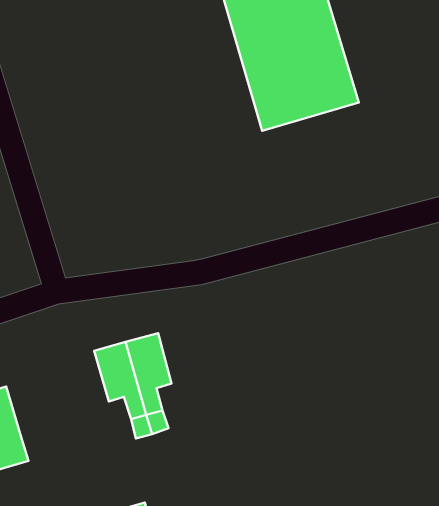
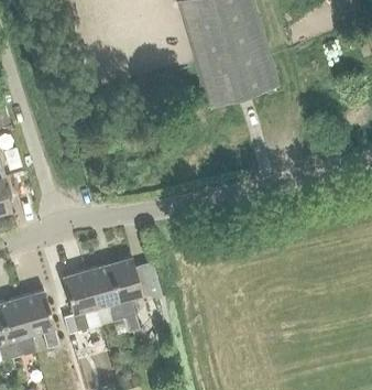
building: none -> [62,271,96,332]
building: none -> [20,291,59,349]

